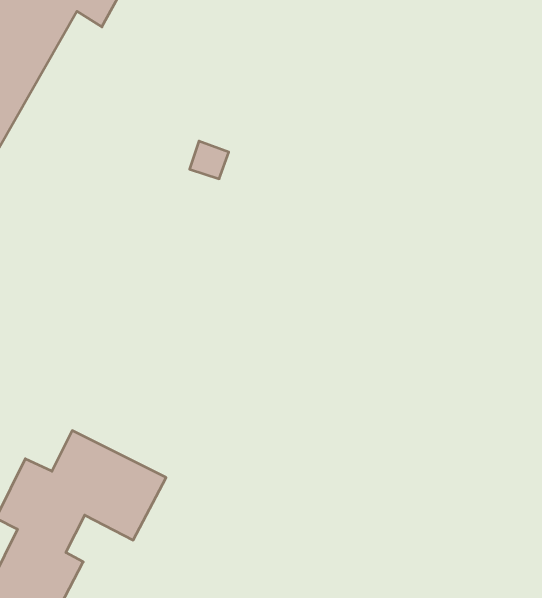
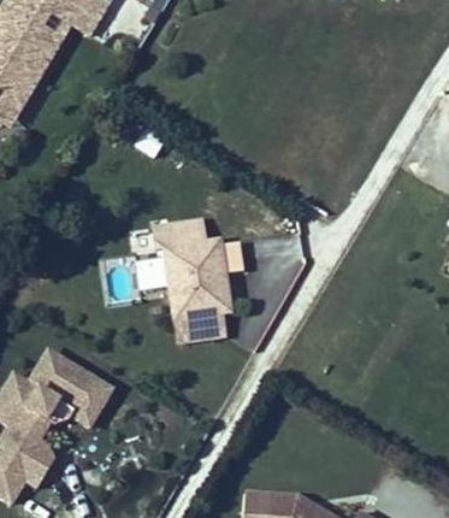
building: none -> [147,211,236,332]

